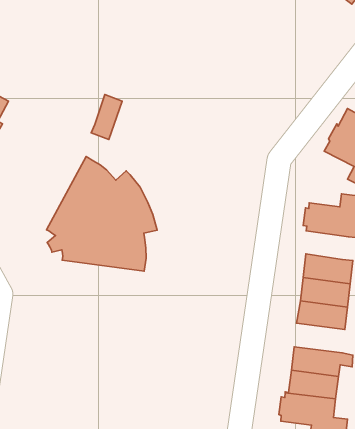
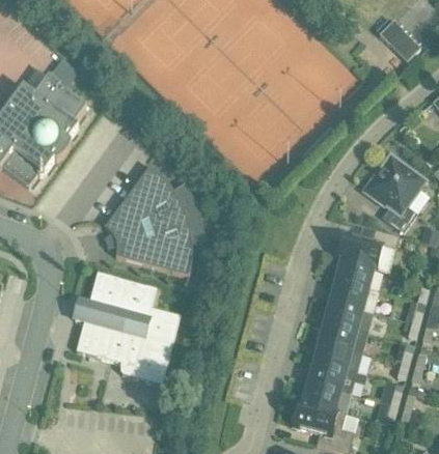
building: [91,95,122,139] -> none
building: none -> [335,258,376,288]
building: none -> [75,272,180,384]
building: none -> [313,340,361,372]

